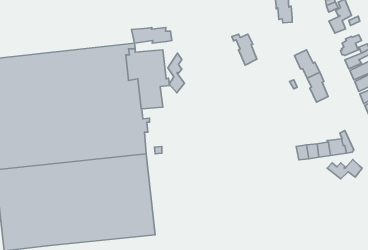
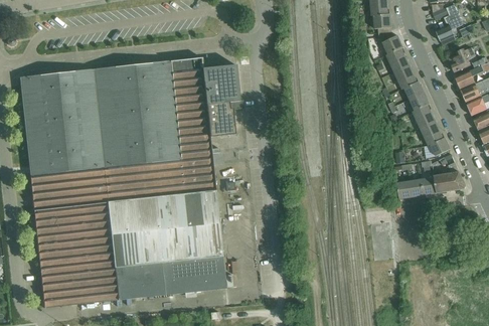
building: [131,27,172,43] -> none
building: [232,34,257,65] -> [378,34,409,71]
building: [168,53,184,93] -> none
building: none -> [421,121,451,155]
building: [327,160,362,179] -> none

